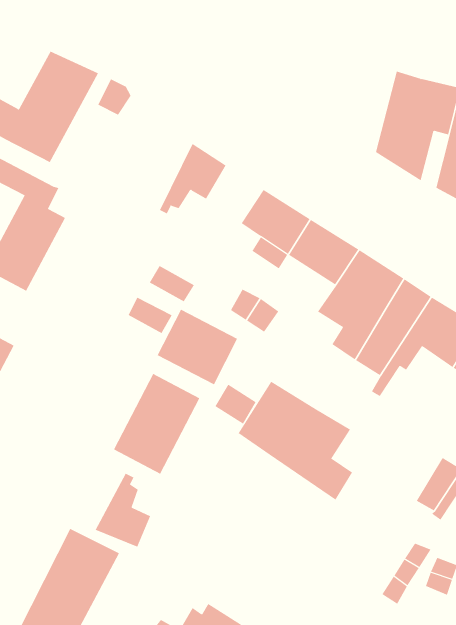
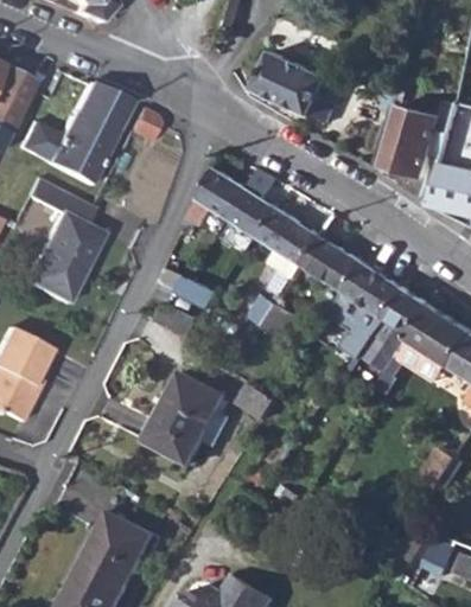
building: none -> [256,55,345,123]
building: none -> [228,171,279,238]
building: [157,309,238,385] -> none
building: [238,381,353,500] -> none
building: [95,473,151,548] -> none

